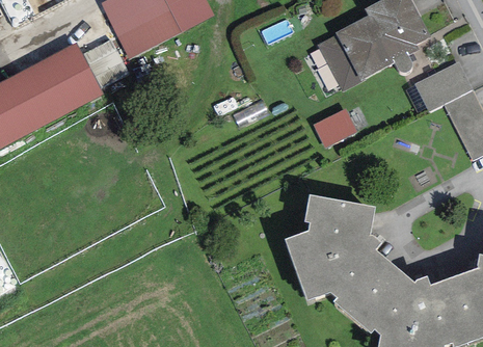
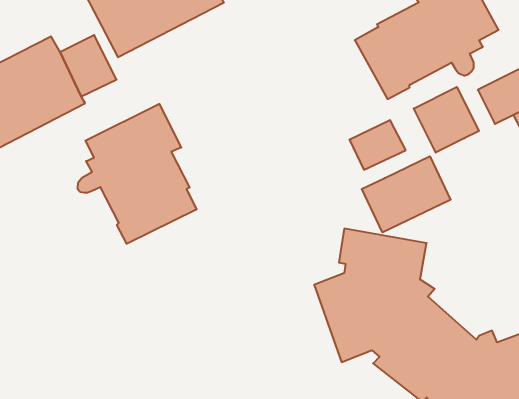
building: none -> [414,87,479,153]
building: none -> [78,104,196,244]
building: none -> [362,156,451,232]

